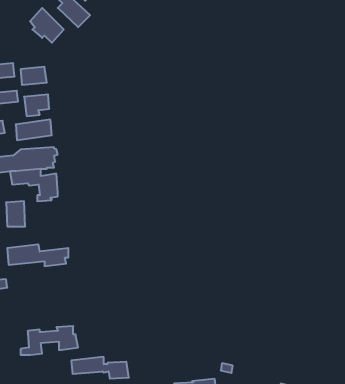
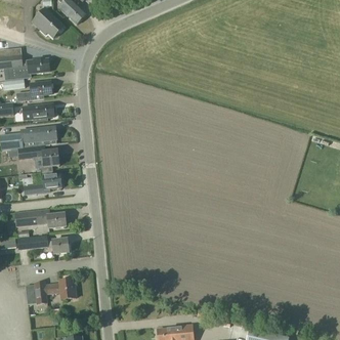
building: none -> [36,171,62,193]
building: [71,357,129,379] -> [20,235,70,253]

